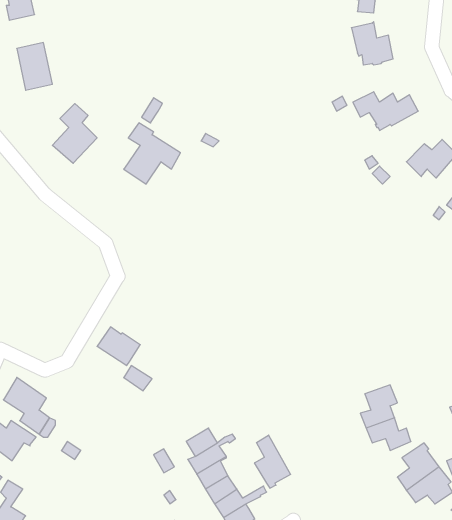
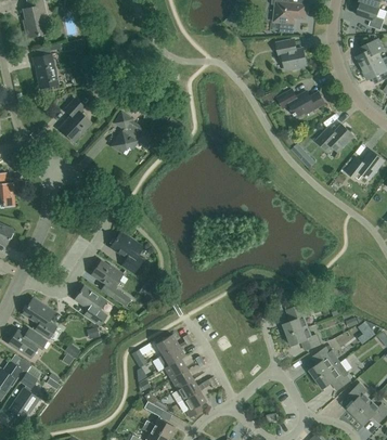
building: none -> [109,231,143,272]
building: none -> [75,285,107,325]
building: [255,435,291,488] -> none

